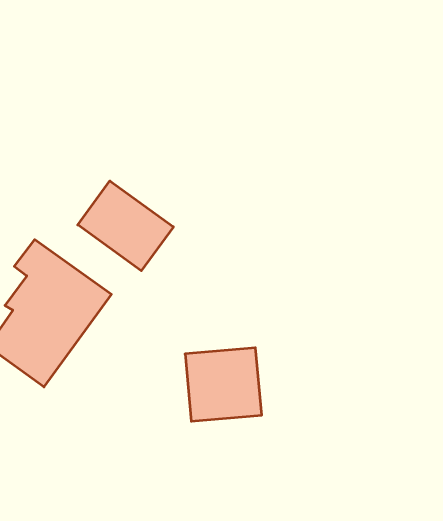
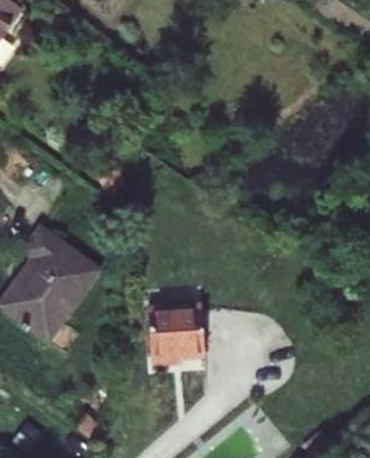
building: [78,181,173,271] -> none

